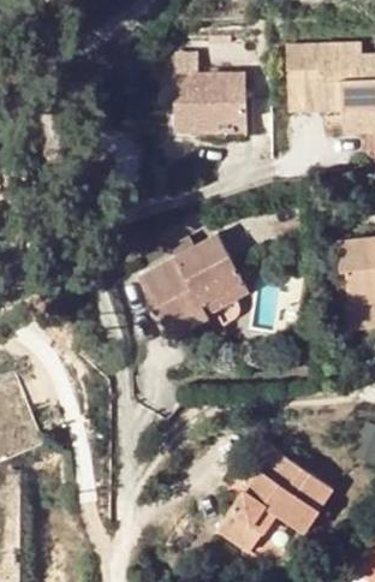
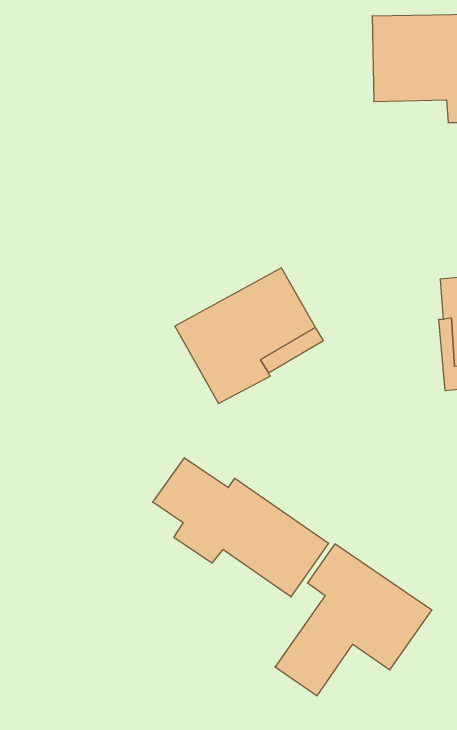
building: [177,75,251,139] -> none
building: none -> [153,458,329,597]

